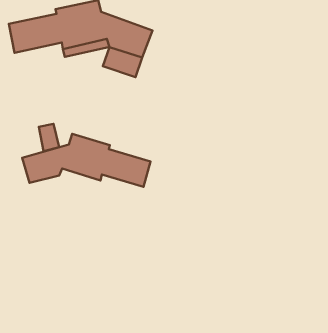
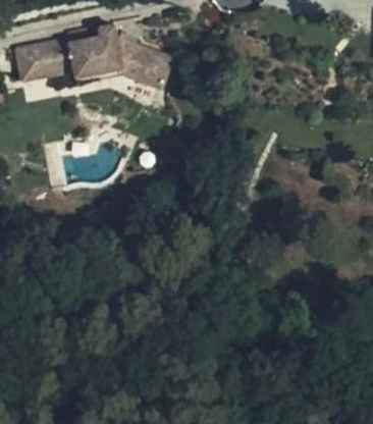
building: [22,134,150,187] -> none

